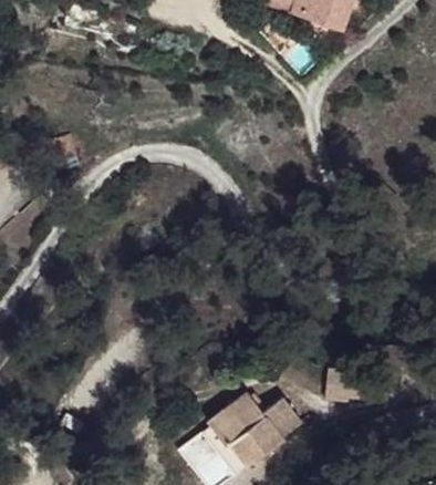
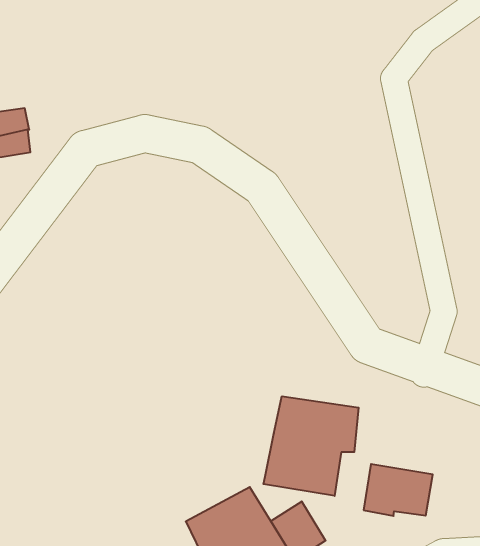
building: none -> [263,396,359,496]

